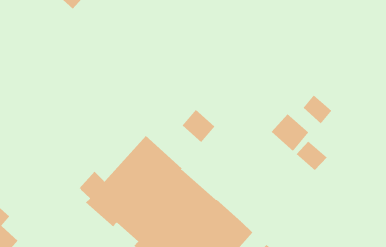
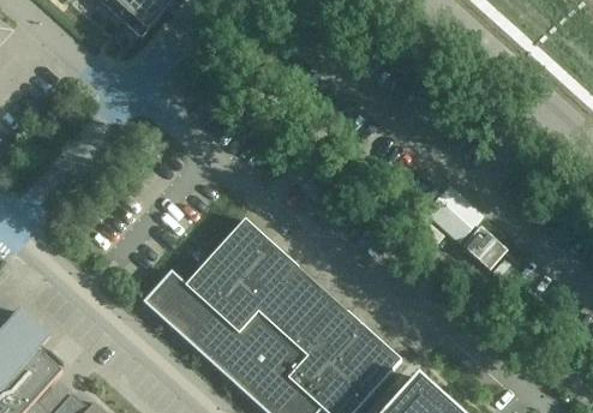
building: [303,94,332,124] -> none
building: [182,109,215,143] -> none

